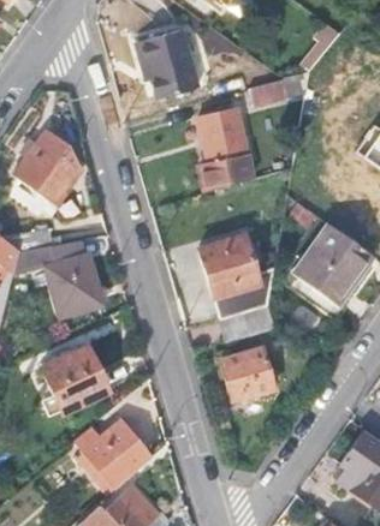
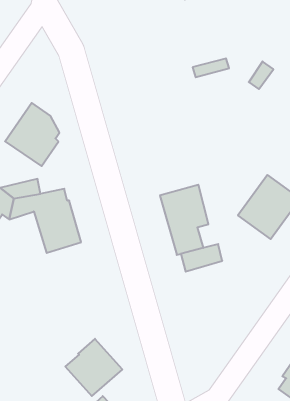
building: [139,31,195,101] -> none
building: [201,104,259,192] -> none
building: [219,347,273,400] -> none
building: [42,348,109,416] -> none

